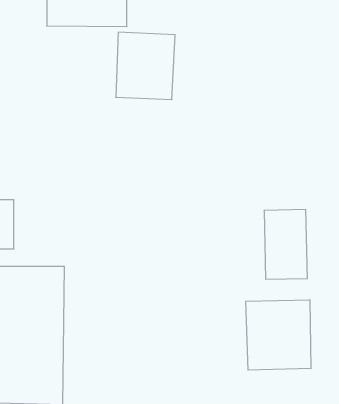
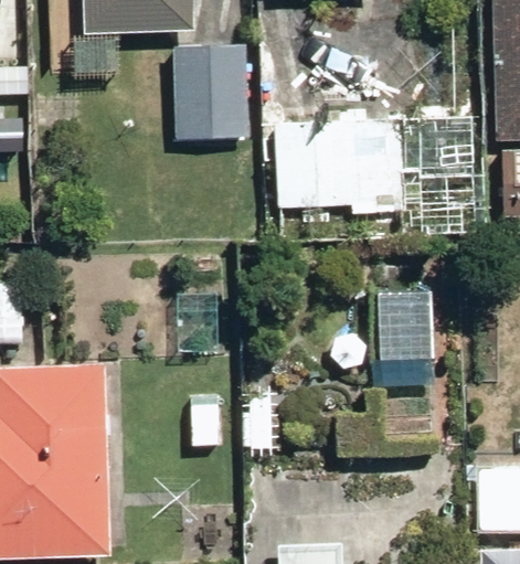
building: none -> [267,114,404,207]
building: [246,300,311,370] -> none

